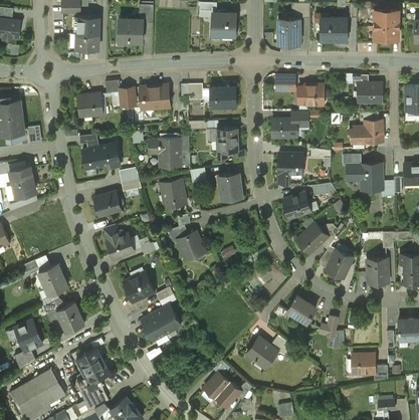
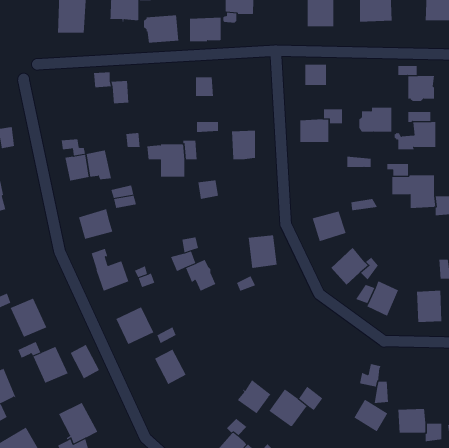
building: [295,84,323,104] -> [359,107,392,132]
building: [140,85,169,109] -> [143,15,179,43]
building: [209,86,235,107] -> [189,17,221,42]
building: [77,93,101,117] -> none
building: [277,153,301,183] -> none
building: [217,173,241,200] -> [248,235,278,268]
building: [160,178,186,208] -> none
building: [287,295,316,323] -> [353,399,388,432]
building: [141,312,165,341] -> [70,344,100,379]
building: none -> [235,378,271,414]

